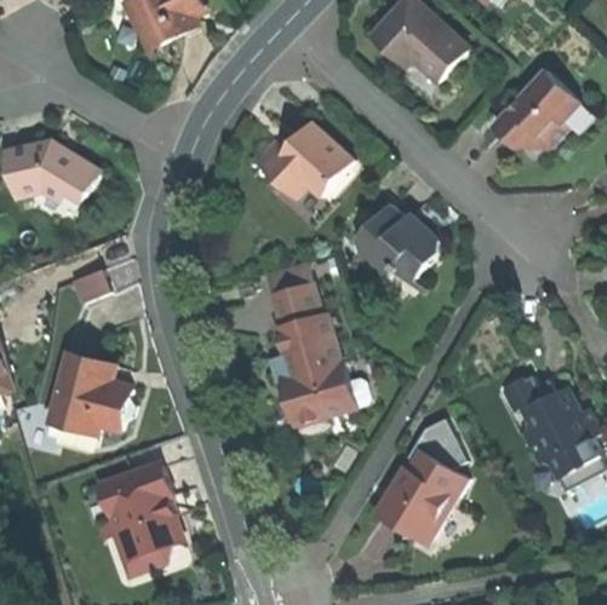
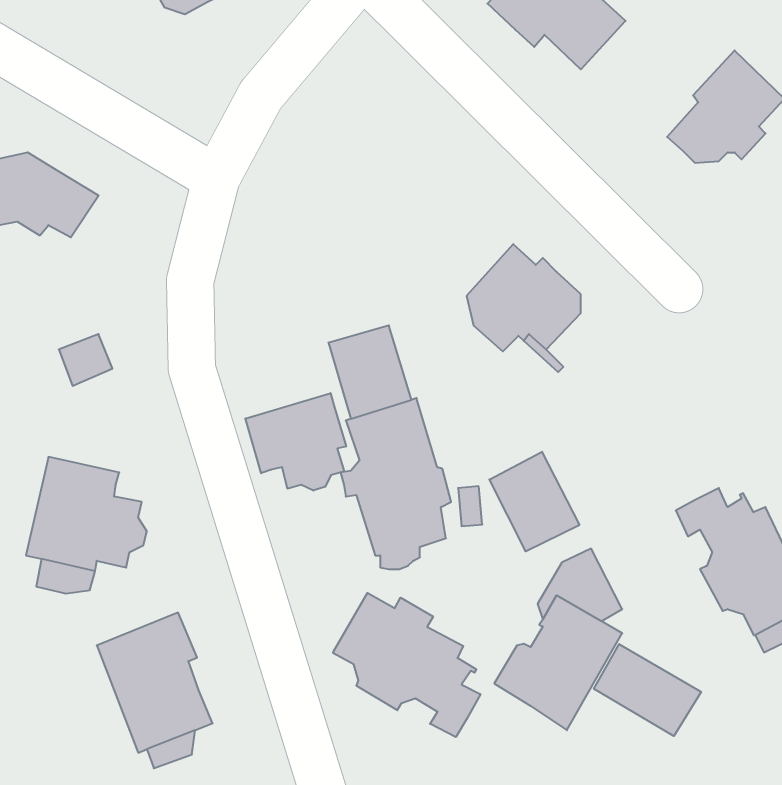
building: [250,120,349,197] -> none
building: none -> [245,393,346,491]
building: none -> [489,452,579,551]
building: none -> [333,593,480,737]
building: none -> [594,644,701,736]

